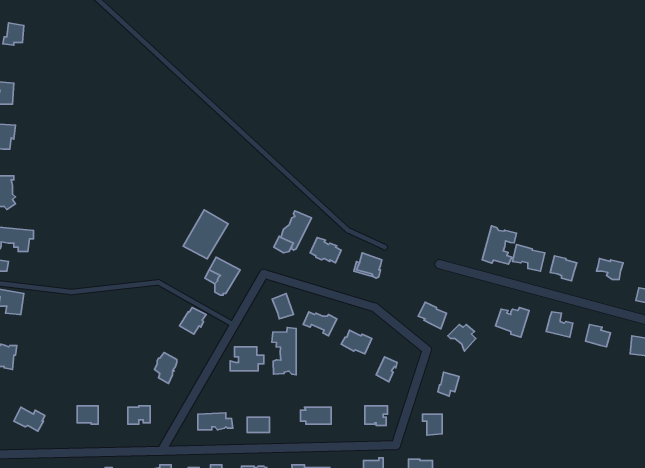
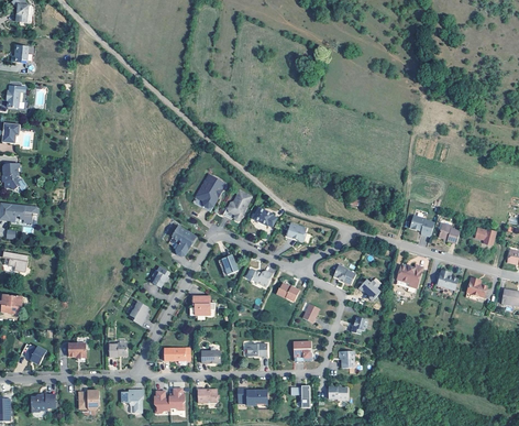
building: [183,210,228,259] -> [194,168,229,207]
building: [482,226,517,264] -> none
building: [272,328,296,375] -> none

